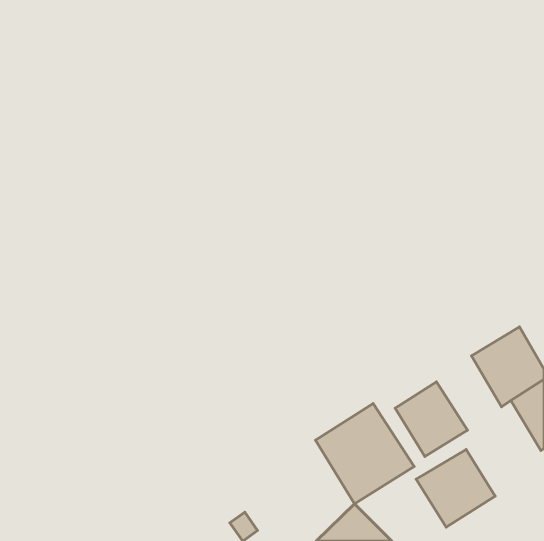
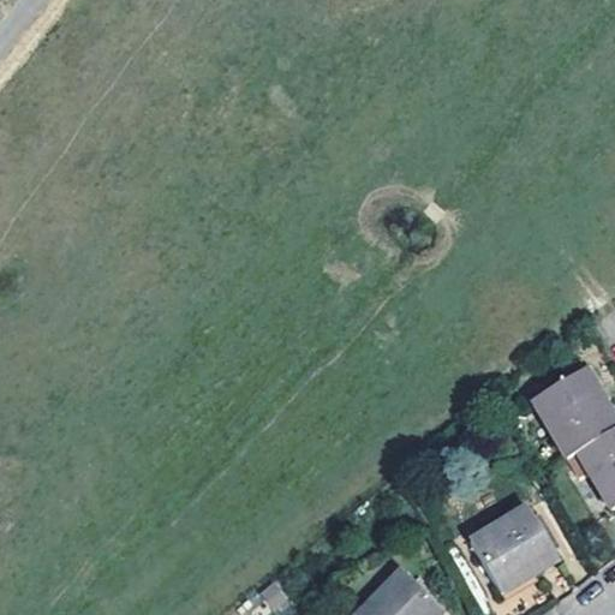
building: [395,382,468,457] -> none
building: [315,404,414,504] -> none

